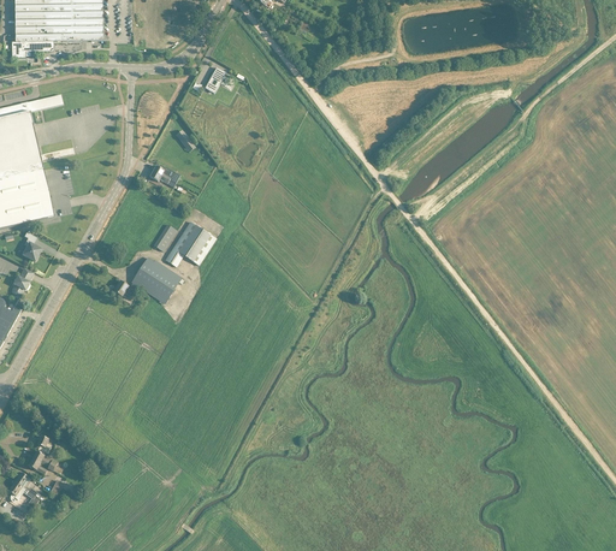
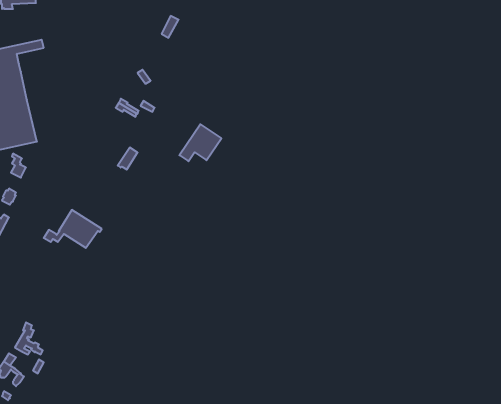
building: [165,221,215,266] -> [179,124,221,161]
building: [113,256,183,302] -> [44,210,102,248]

